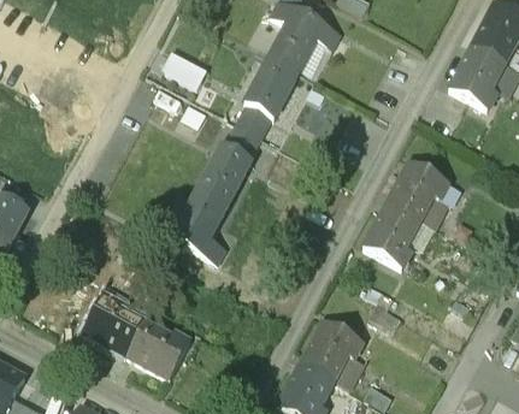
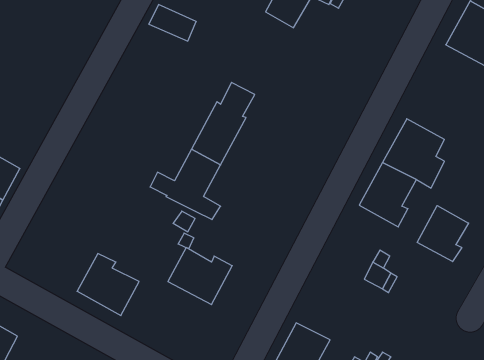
building: [237,54,299,136] -> none
building: none -> [417,206,469,262]
building: [301,319,364,388] -> none
building: [128,321,191,378] -> [168,248,232,305]

